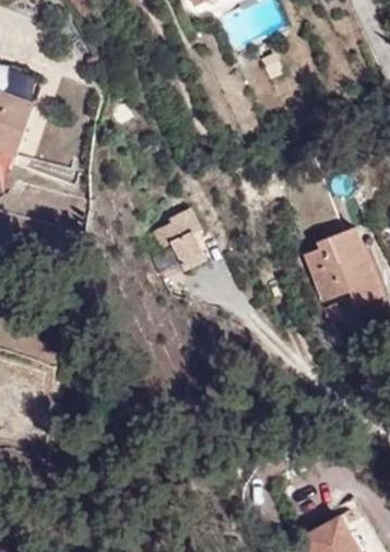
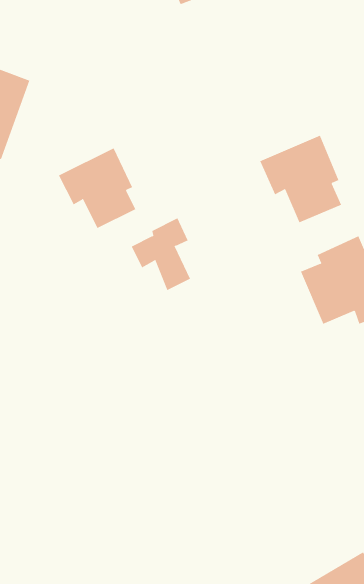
building: none -> [260,135,342,223]
building: none -> [58,147,136,229]

